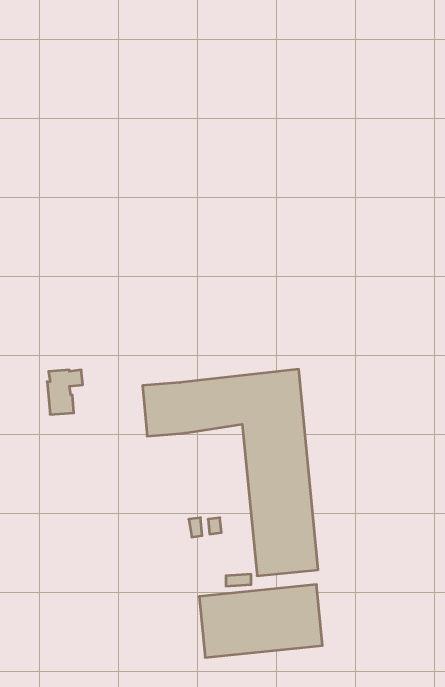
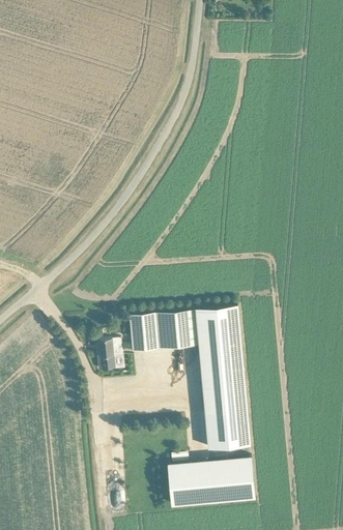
building: [47,370,83,414] -> [96,338,121,370]

